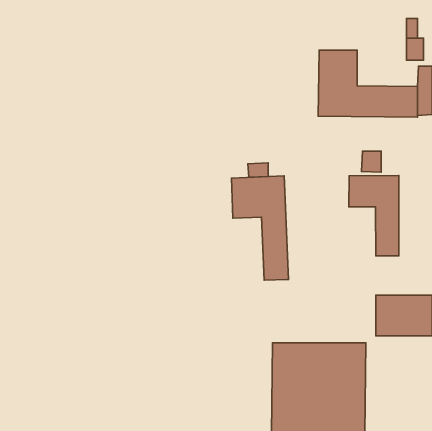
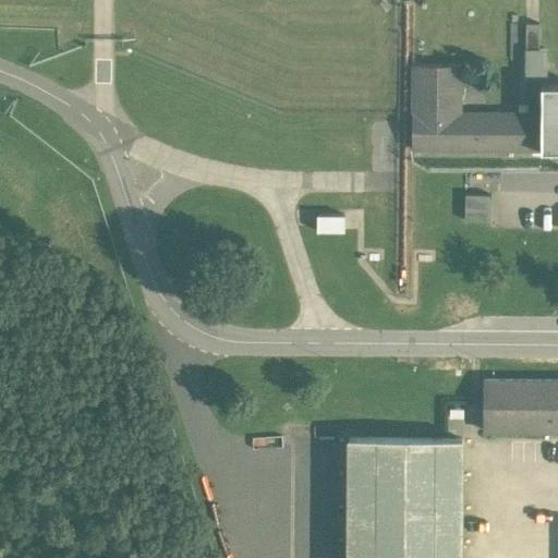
building: [349,176,399,256] -> none
building: [232,176,289,280] -> none

